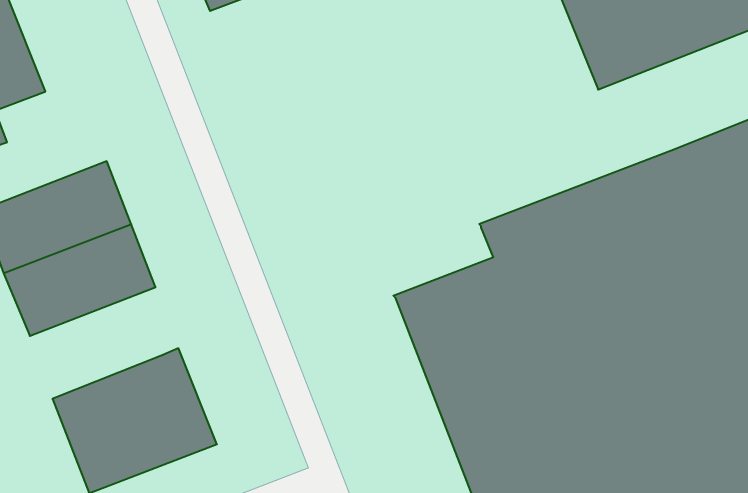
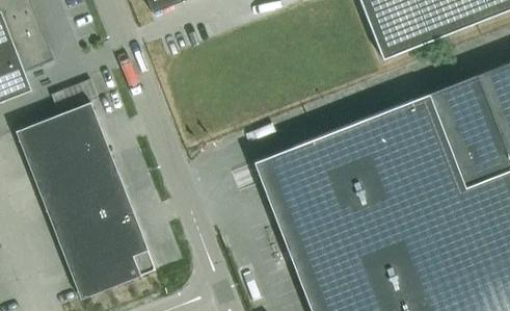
building: none -> [253,139,320,182]
building: none -> [45,177,133,243]

